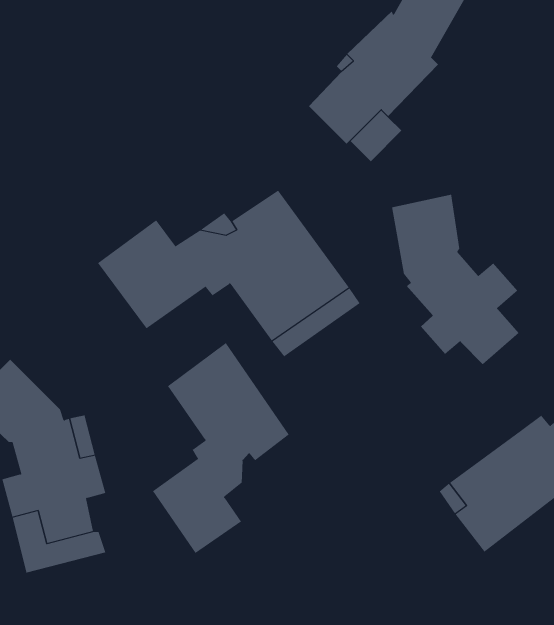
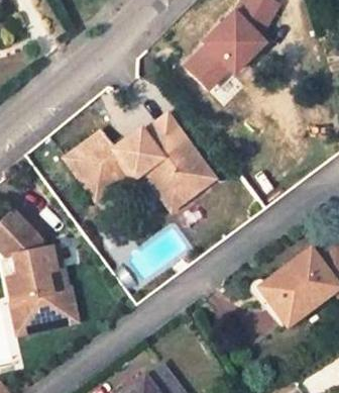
building: [392,194,519,365] -> none
building: [152,342,290,554] -> none

